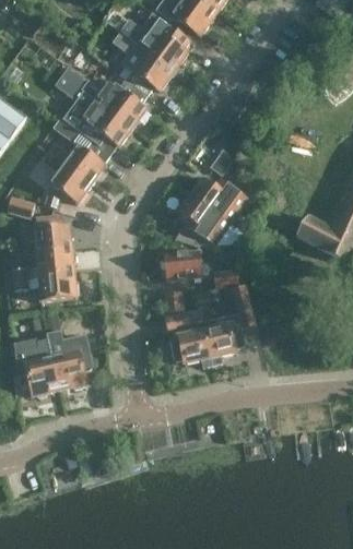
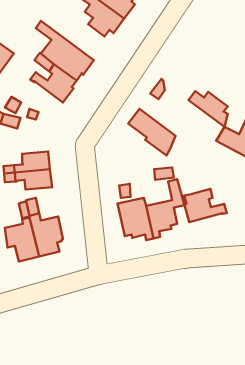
building: [61,64,146,126] -> none
building: [46,154,91,202] -> none
building: [193,179,246,227] -> [189,91,228,127]
building: [33,214,71,251] -> none
building: [164,250,202,279] -> none
building: none -> [184,189,227,222]

